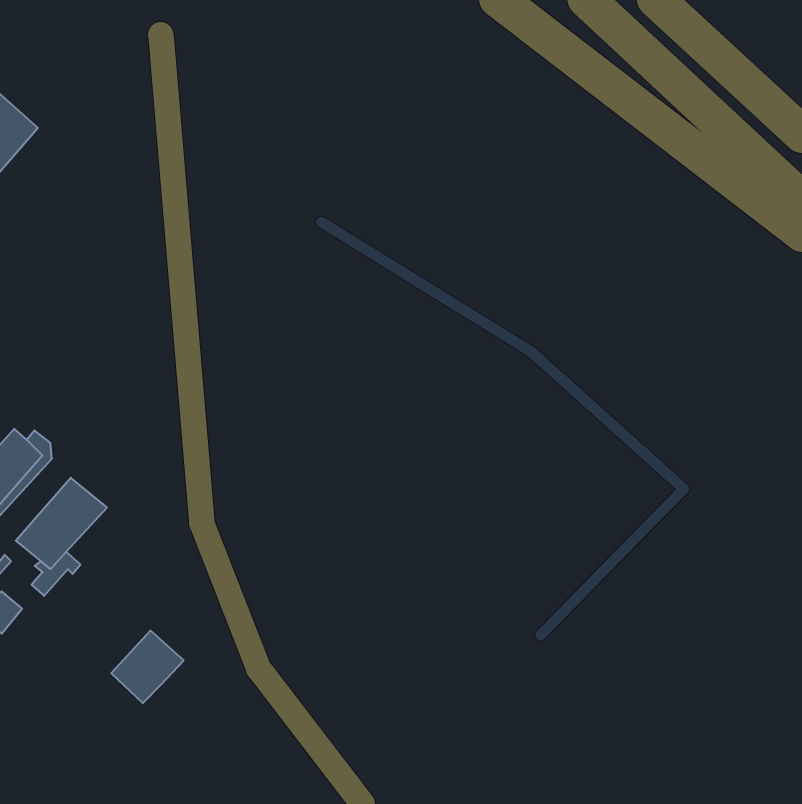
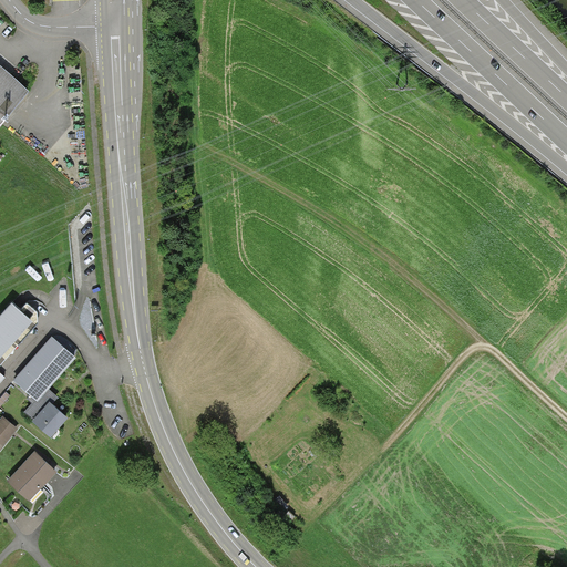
building: none -> [30,400,66,437]
building: [111,631,184,703] -> [4,450,55,501]

